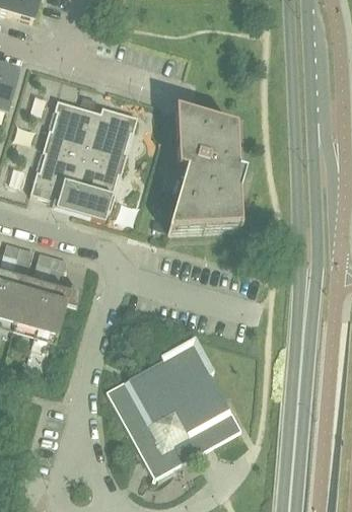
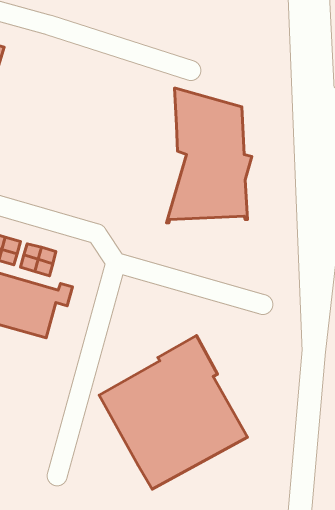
building: [30,98,138,221] -> none

